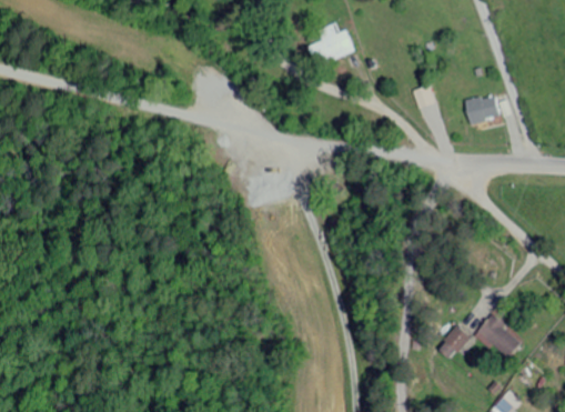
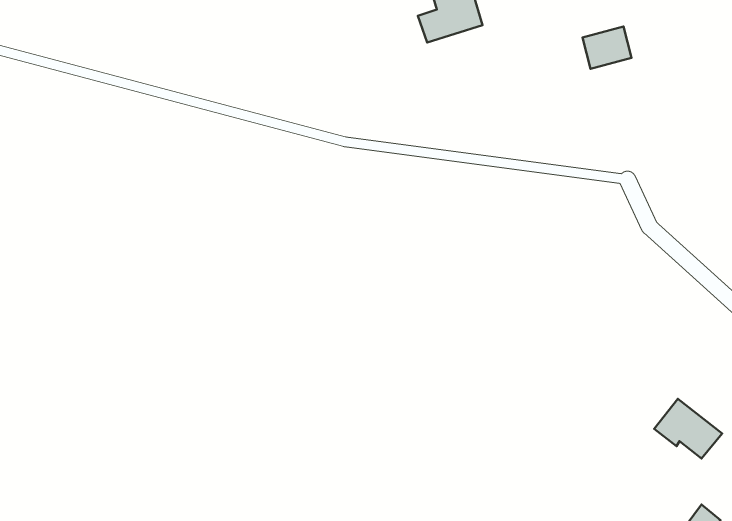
building: [464,93,498,123] -> [583,26,631,69]
building: [436,326,470,359] -> none

